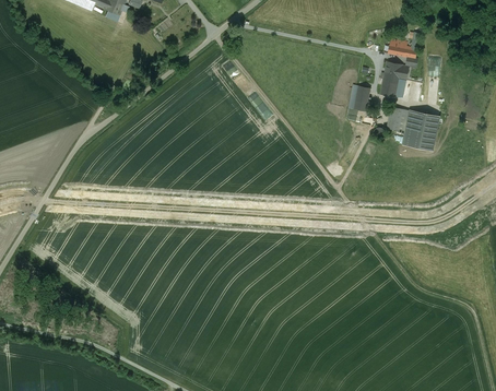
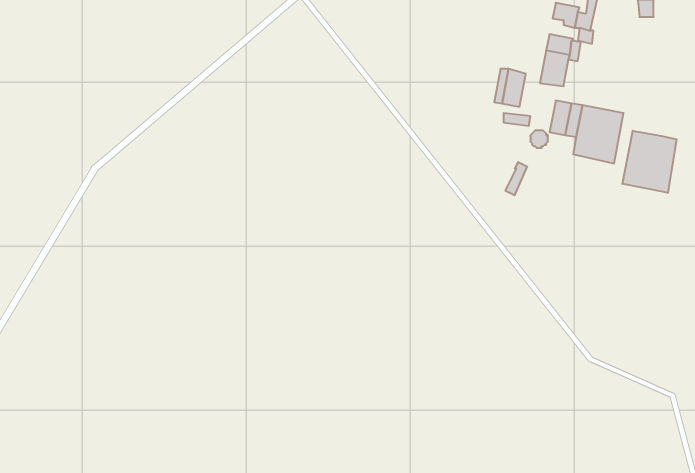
building: none -> [622,131,677,193]

